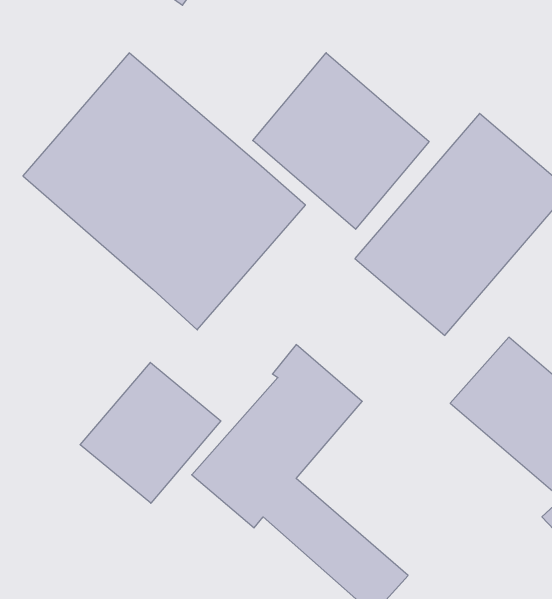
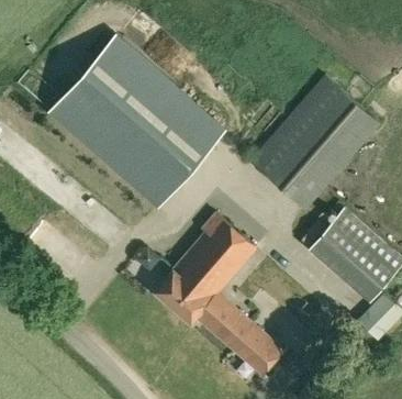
building: [253,53,429,229] -> none
building: [80,362,221,503] -> none

